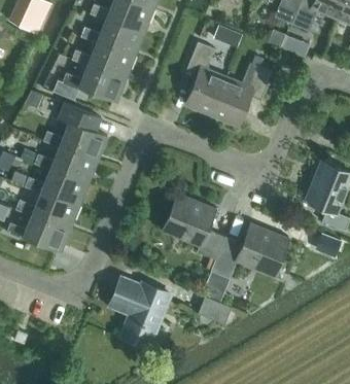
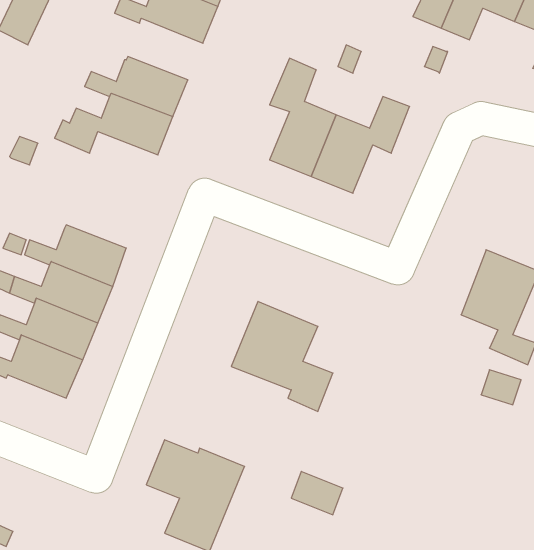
building: [80,16,144,55] -> none
building: [43,102,107,159] -> none
building: [211,221,288,279] -> none

